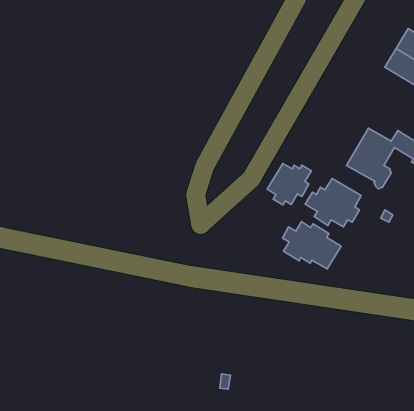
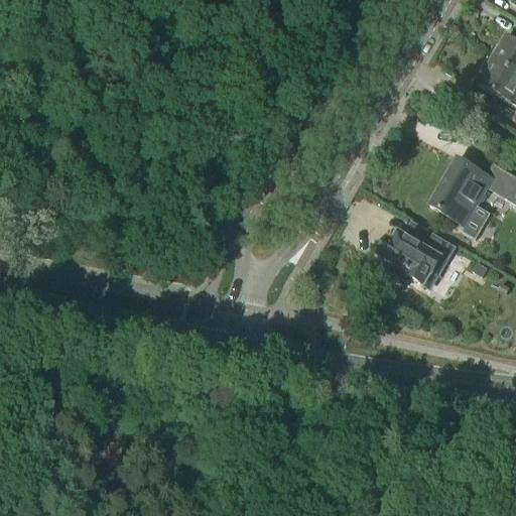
building: [267,164,311,205] -> none
building: [283,222,341,269] -> none

